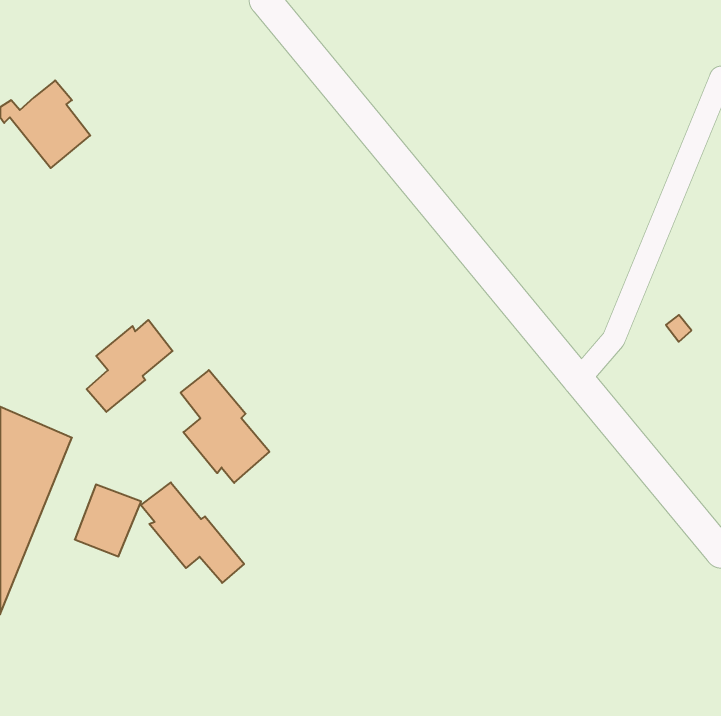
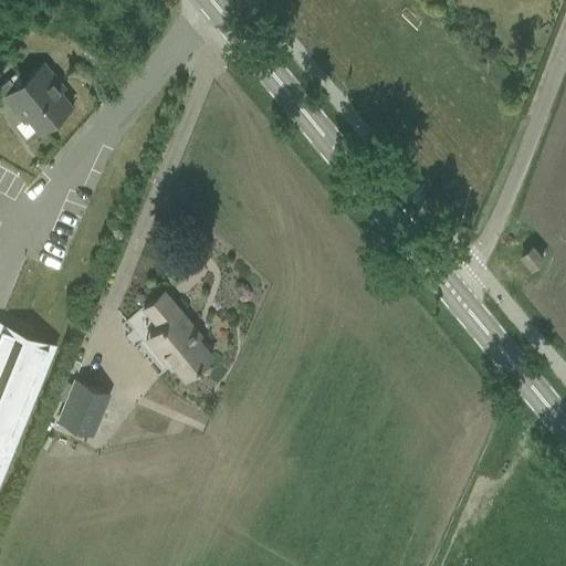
building: [87,320,173,412] -> none
building: [141,482,244,583] -> none

